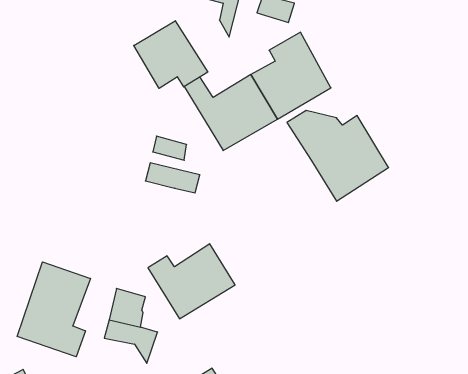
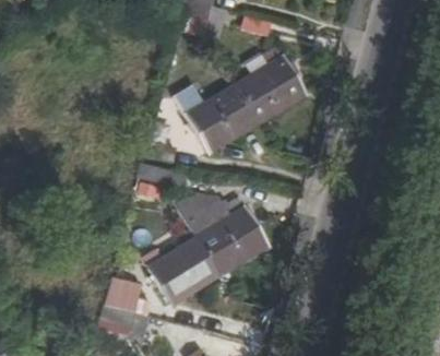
building: [134,21,208,88] -> none
building: [287,111,389,201] -> [175,192,266,274]
building: [17,262,90,357] -> none

